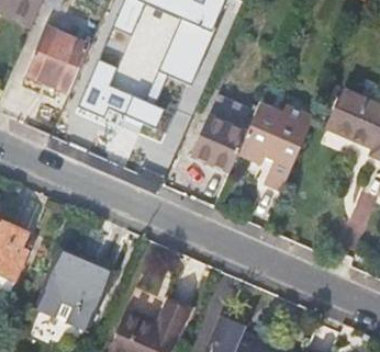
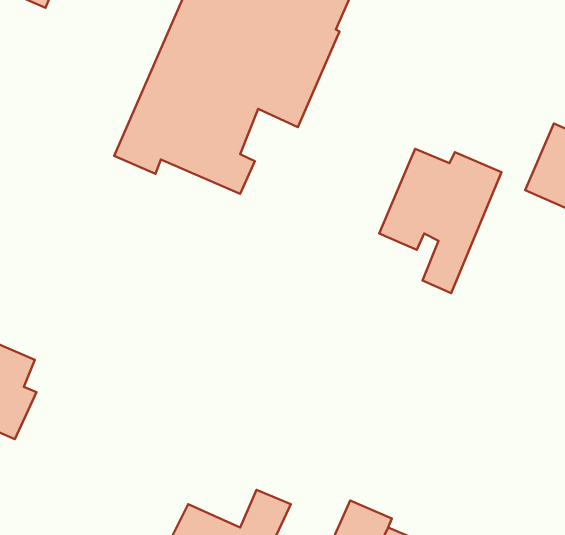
building: [24,24,90,92] -> none
building: [191,101,257,172] -> none
building: [34,247,113,328] -> none

